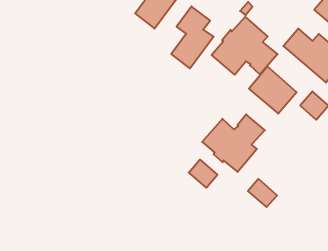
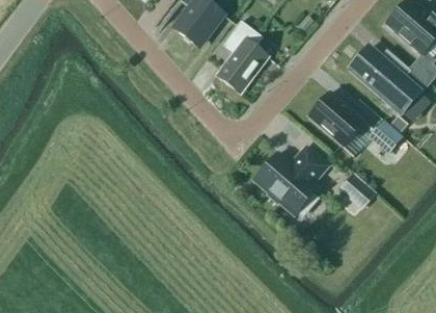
building: [212,17,278,75] -> none
building: [189,160,217,188] -> none
building: [248,179,277,207] -> [340,173,375,206]

